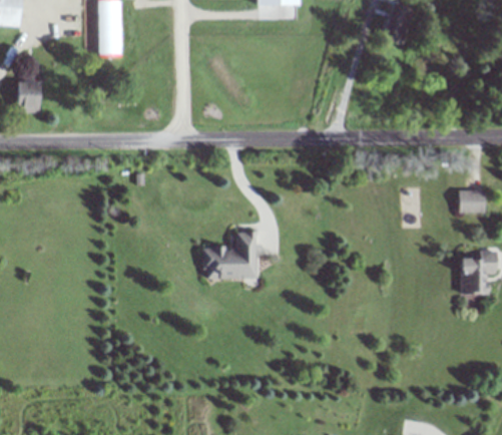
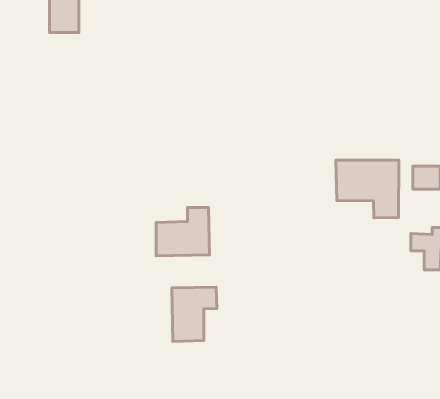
building: none -> [336,160,399,218]
building: none -> [172,287,217,342]

